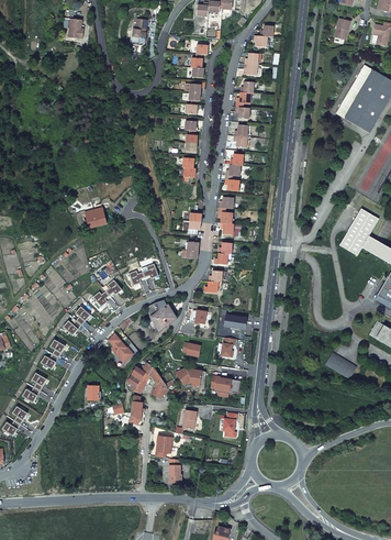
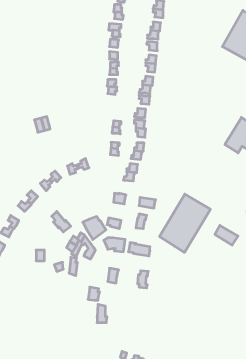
building: [145,300,176,331] -> [83,217,106,240]
building: none -> [160,194,210,252]

